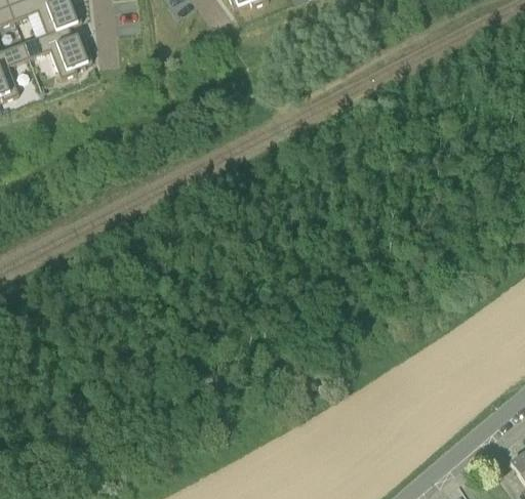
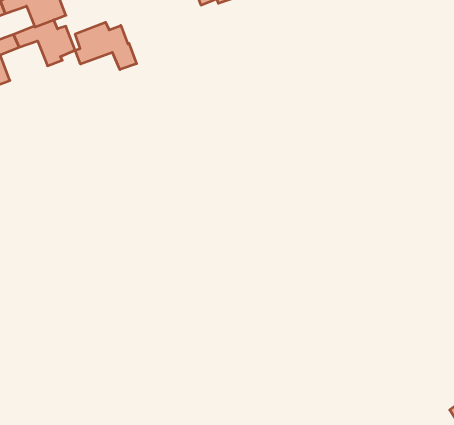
building: none -> [75,22,137,70]

